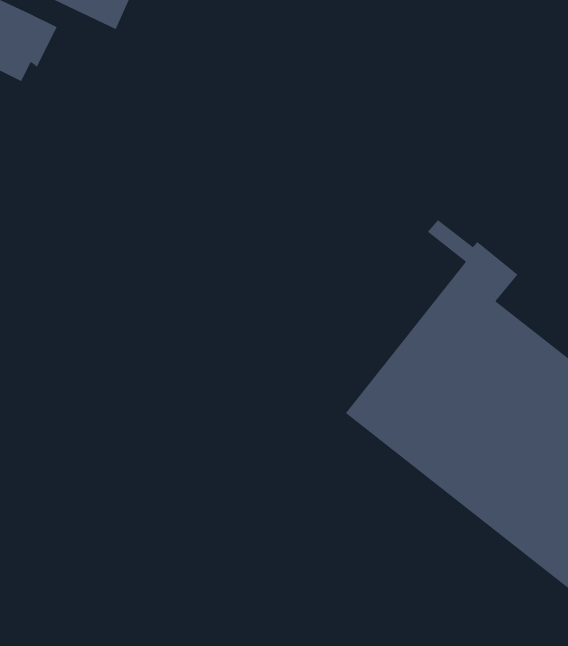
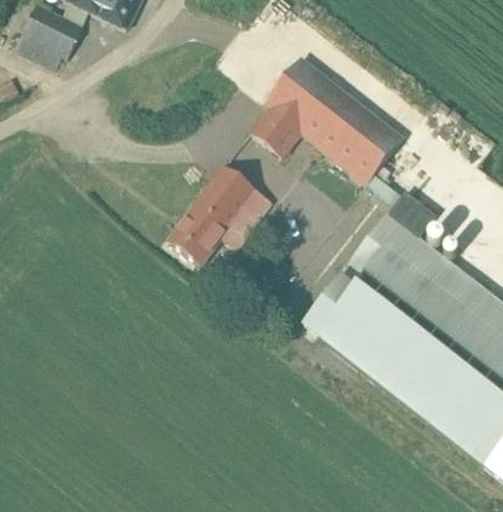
building: none -> [250,57,402,184]
building: none -> [169,164,270,262]

